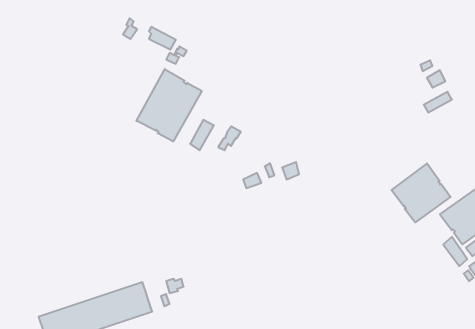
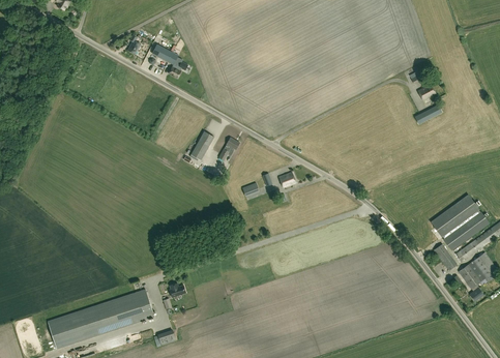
building: [136,69,202,141] -> none
building: [391,163,451,222] -> none

